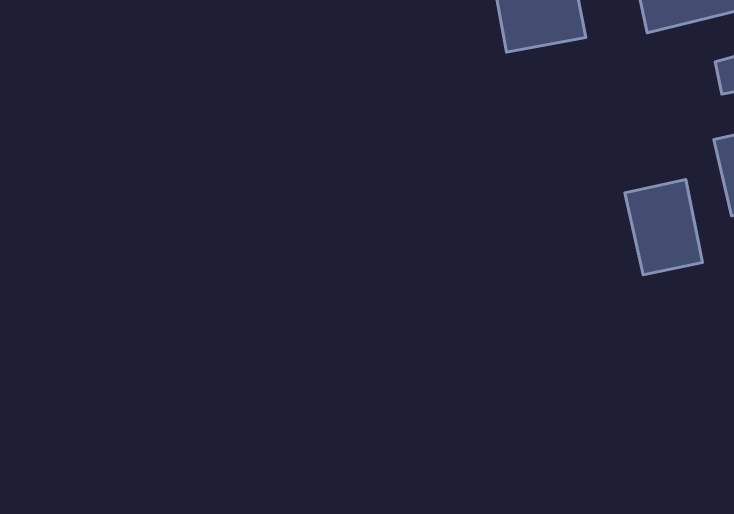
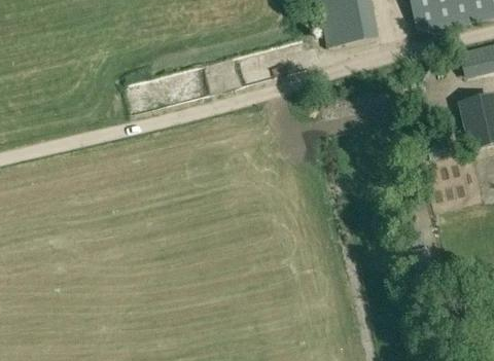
building: [625,180,702,275] -> none

